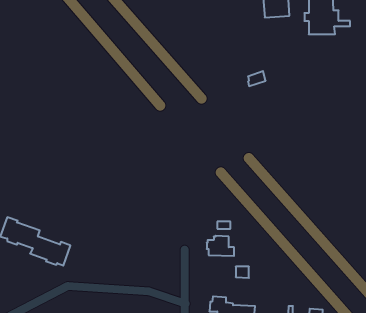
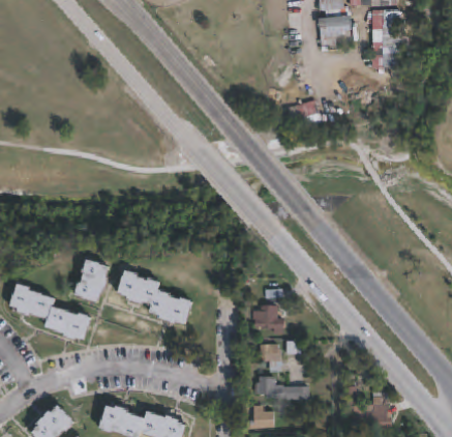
building: none -> [72,258,109,302]
building: none -> [117,268,192,324]
building: none -> [259,344,280,371]

